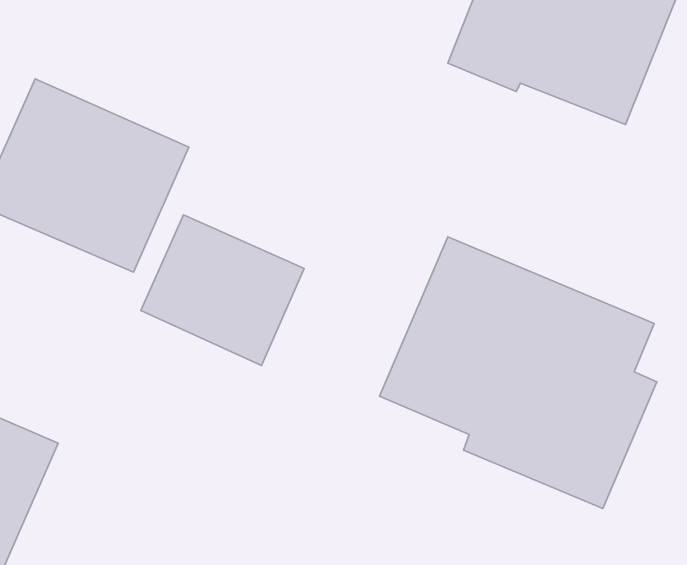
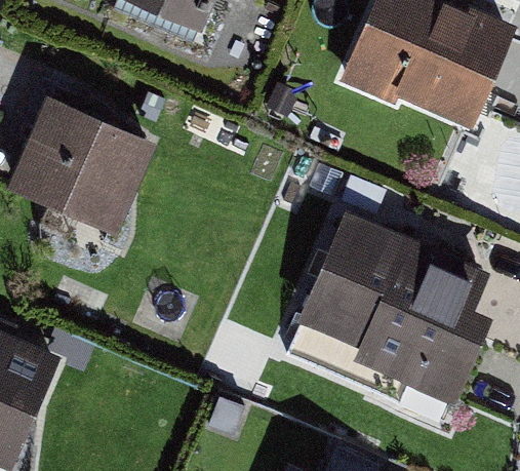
building: [141,215,304,366] -> none

